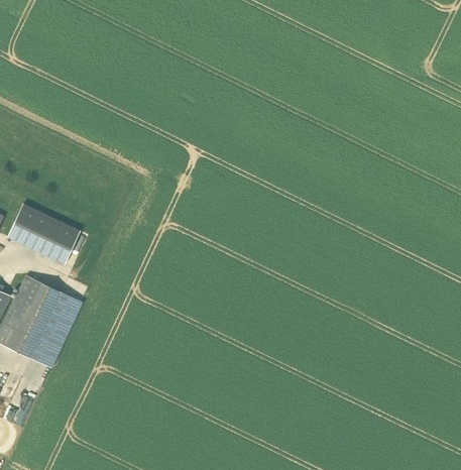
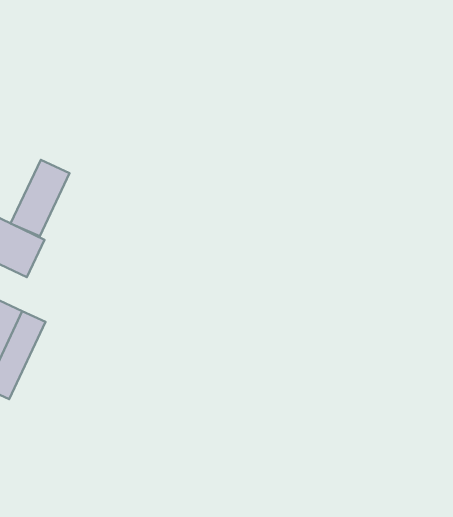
building: none -> [11,160,69,236]

